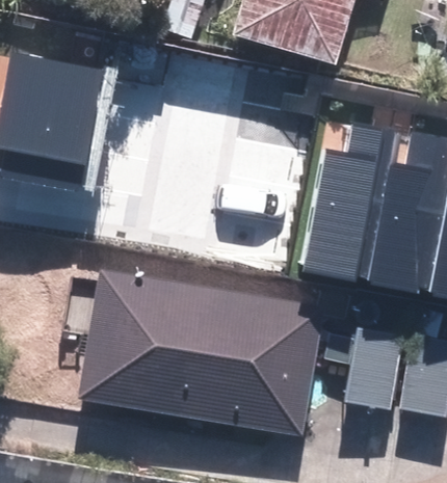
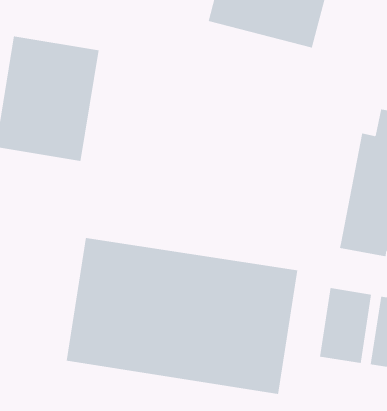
building: [301,118,398,278] -> none

